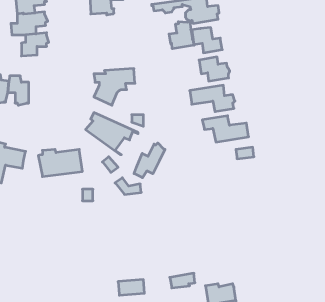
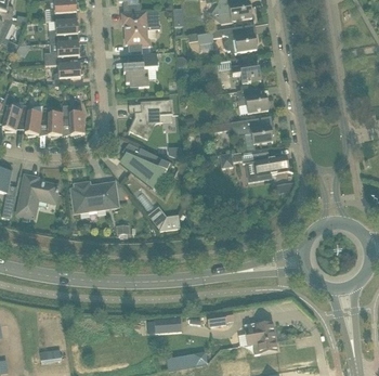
building: [169,22,194,49] -> none
building: none -> [122,53,157,87]
building: none -> [62,105,84,137]
building: [134,143,165,178] -> none

